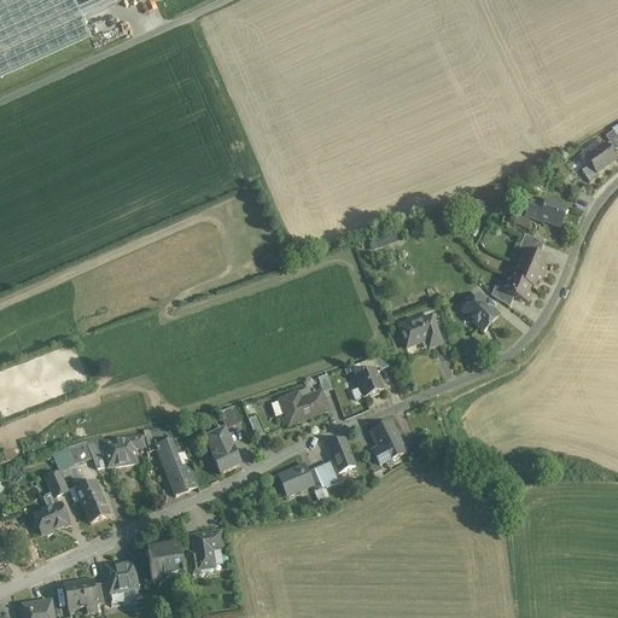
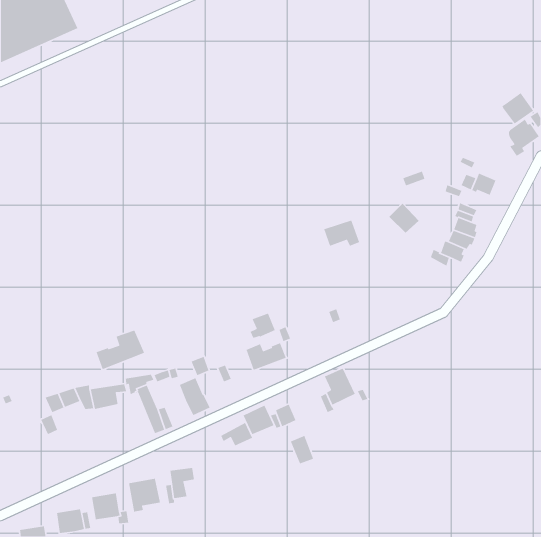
building: none -> [501,92,534,124]
building: [462,293,497,328] -> [389,203,419,234]
building: [398,315,441,346] -> [323,219,360,247]
building: [352,367,383,397] -> [250,312,276,339]
building: none -> [95,329,145,370]
building: [327,436,355,470] -> [290,435,314,464]
building: [75,480,109,523] -> none
building: none -> [220,422,253,446]
building: [34,503,69,534] -> none

